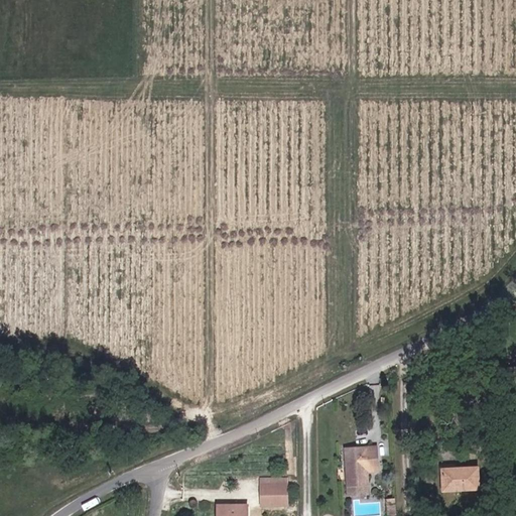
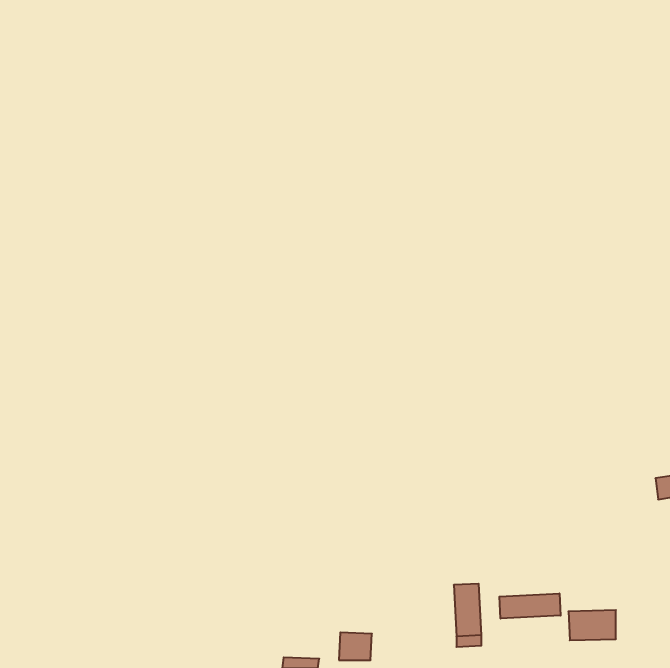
building: none -> [499,593,561,619]

